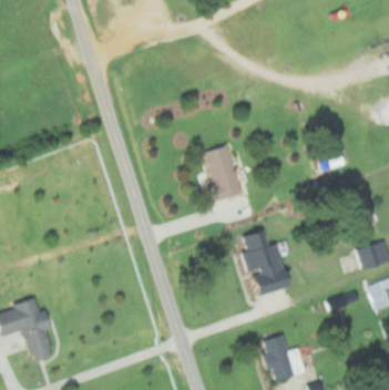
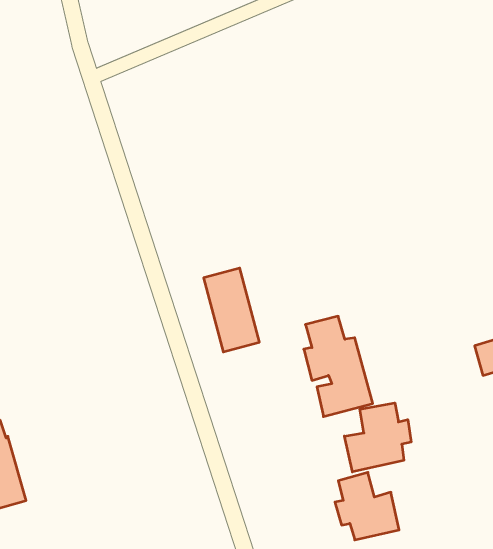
building: [204,144,242,201] -> [204,268,259,352]
building: none -> [344,403,411,472]

